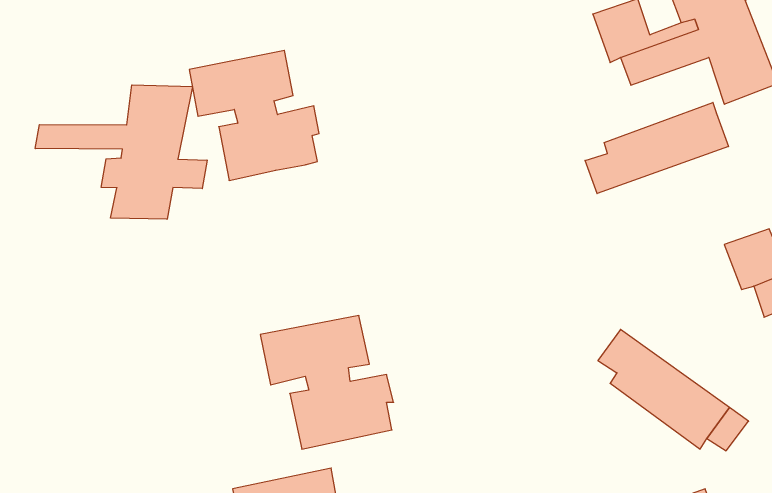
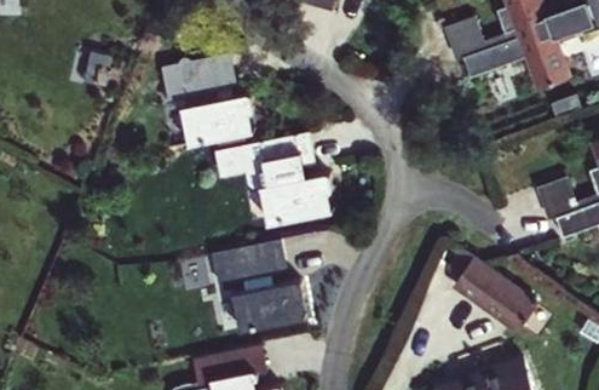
building: [35,85,207,219] -> none
building: [585,102,728,194] -> none
building: none -> [215,136,332,226]

